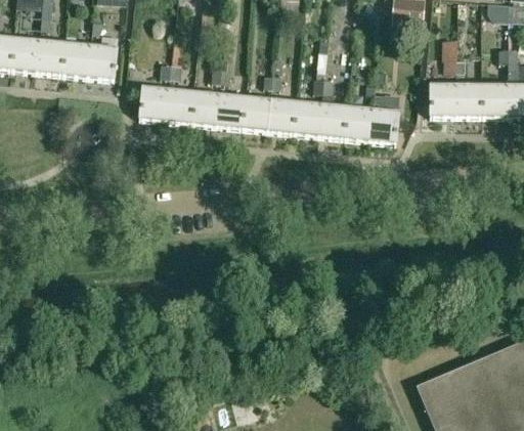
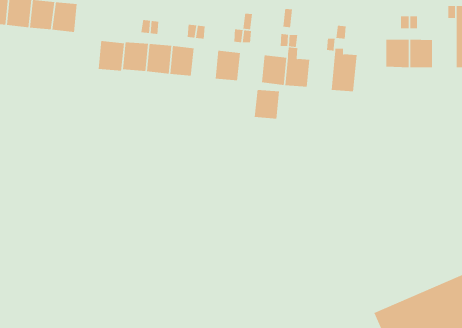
building: [88,46,118,80] -> [98,41,125,71]
building: [483,86,509,117] -> none
building: [217,95,246,129] -> none
building: [268,100,297,133] -> [254,89,280,119]
building: [345,107,374,141] -> none

